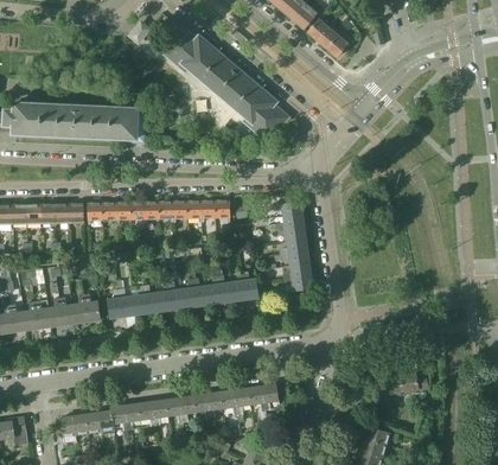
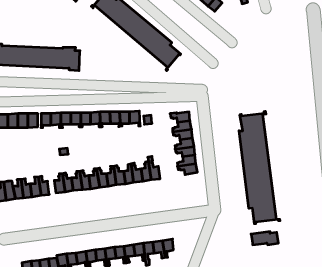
building: none -> [239,111,280,224]

